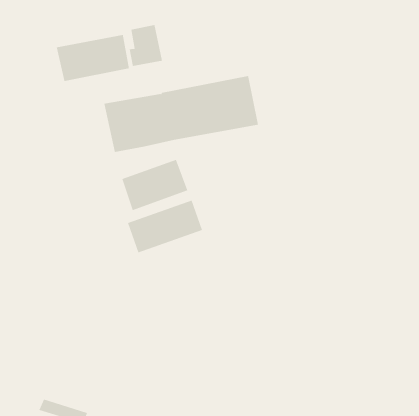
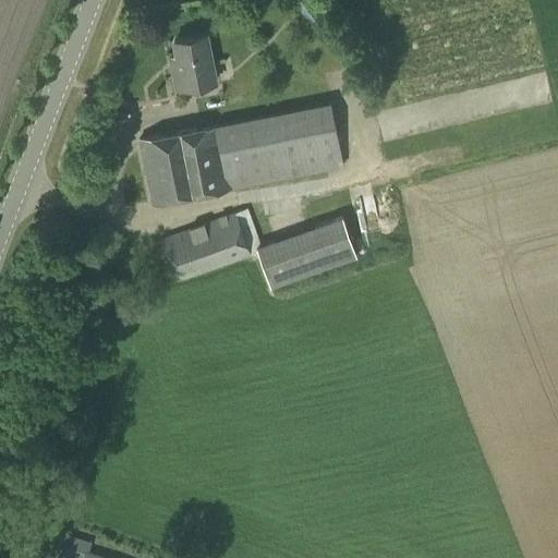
building: [56,34,130,82] -> none
building: [127,200,203,253] -> [257,219,357,290]

